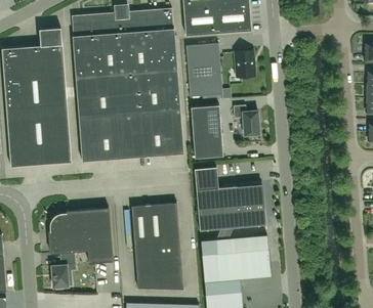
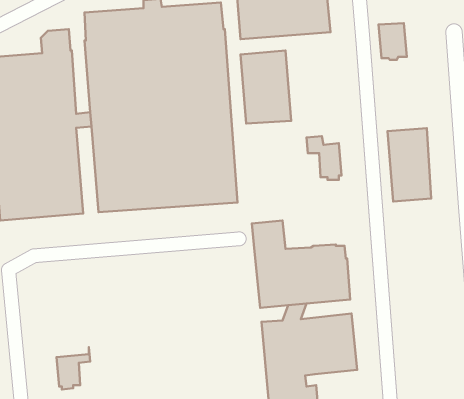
building: [235,51,255,78] -> [379,23,407,60]
building: [191,104,222,158] -> [388,128,431,201]
building: [131,203,183,289] -> none
building: [49,208,113,263] -> none

